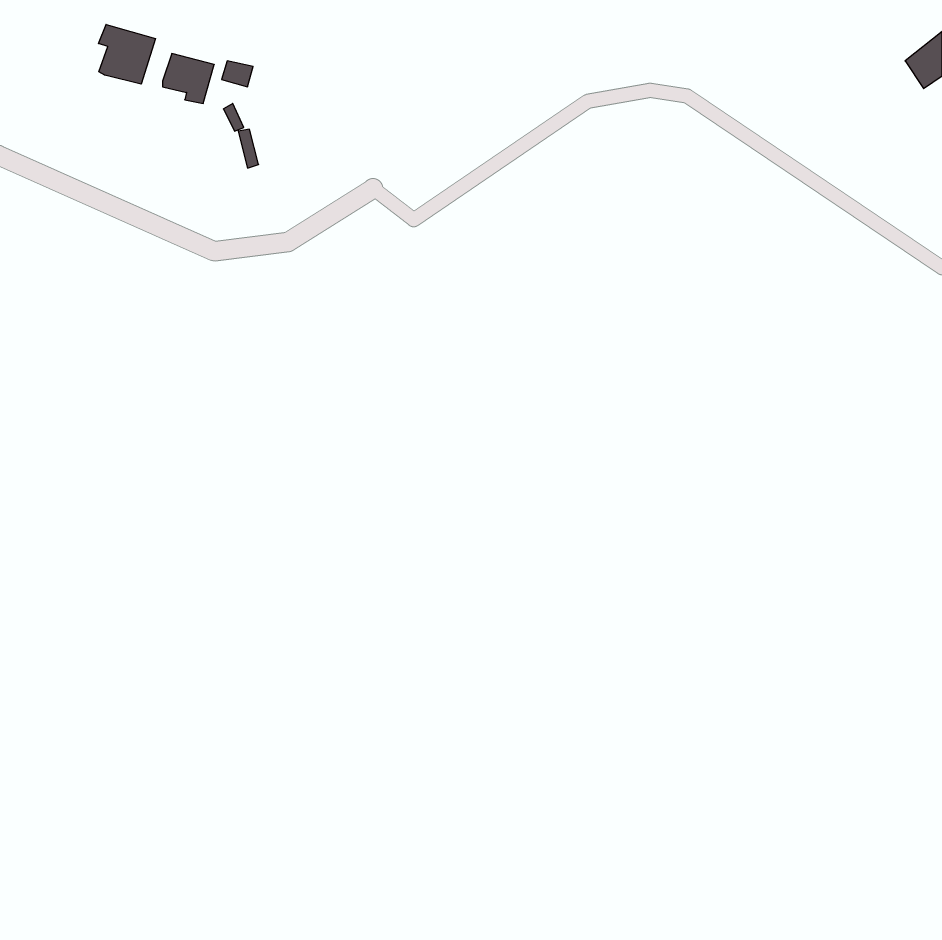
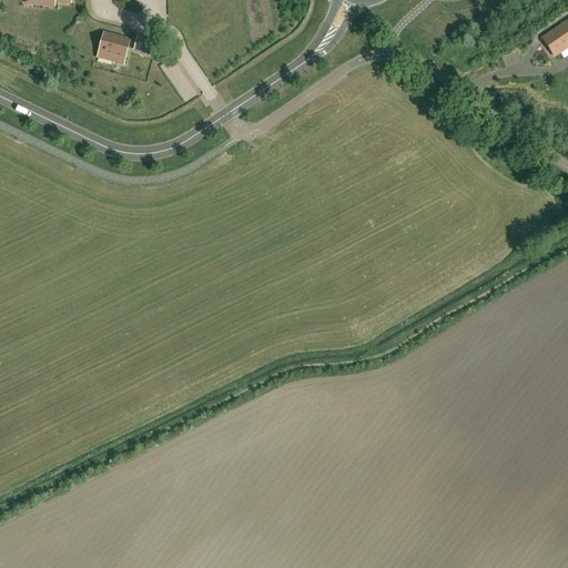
building: [99,24,155,84] -> none

